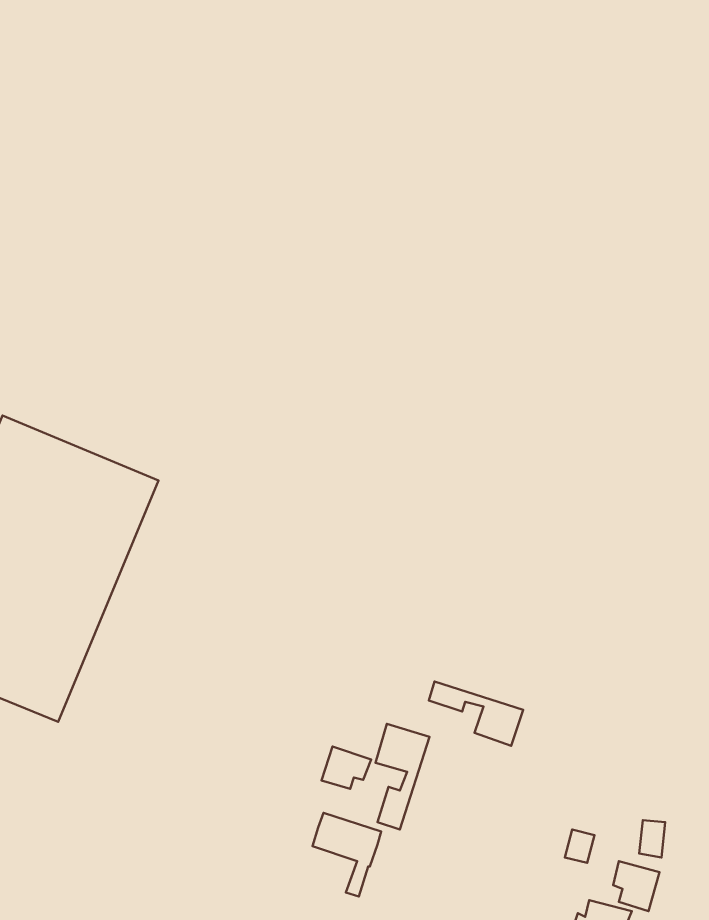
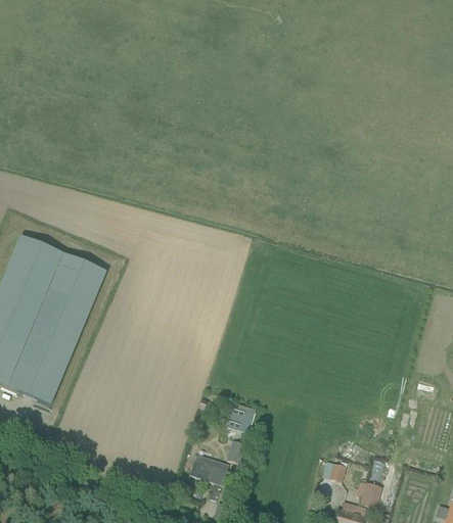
building: [429,682,523,746] -> none
building: [322,747,371,789] -> none

